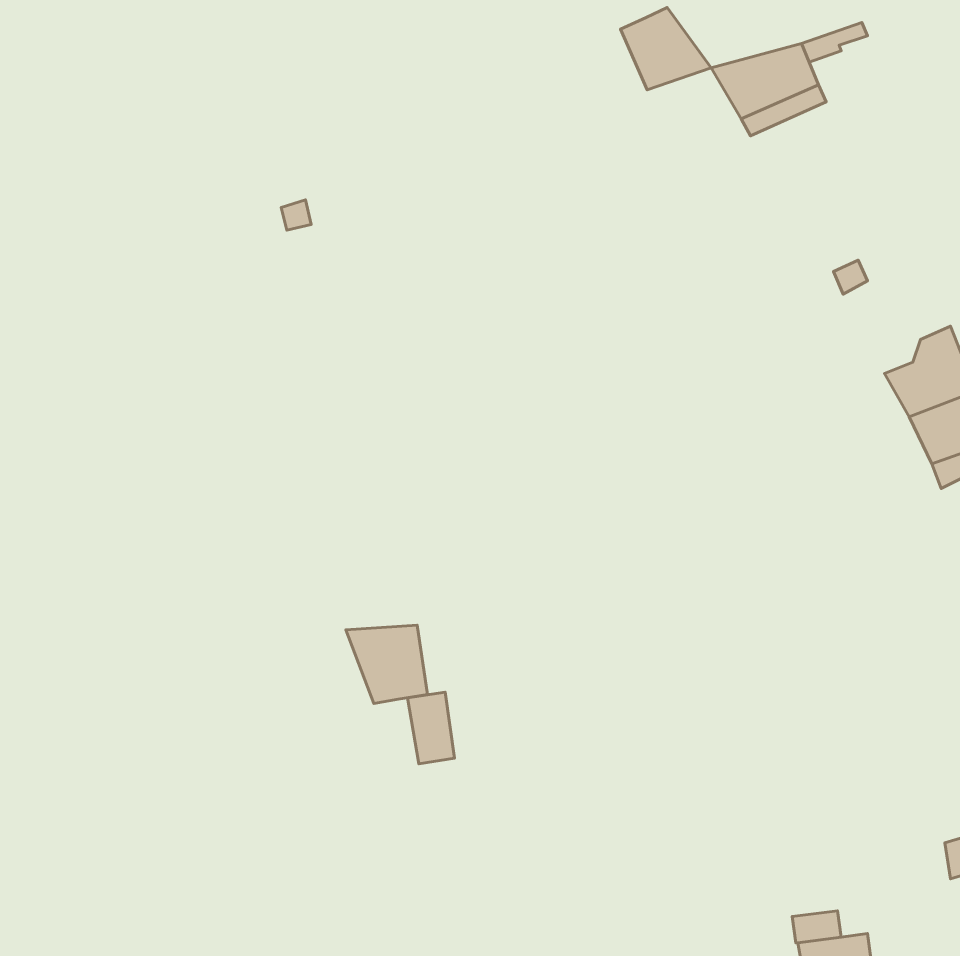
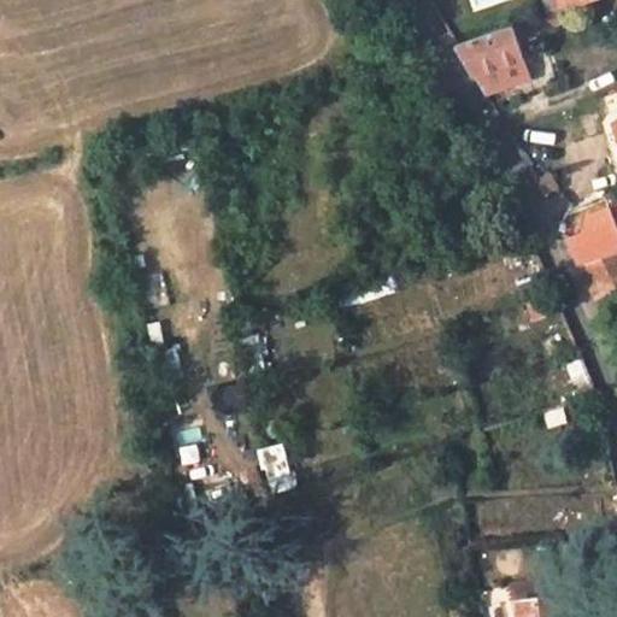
building: [621,8,711,90] -> none
building: [346,625,427,703] -> none

